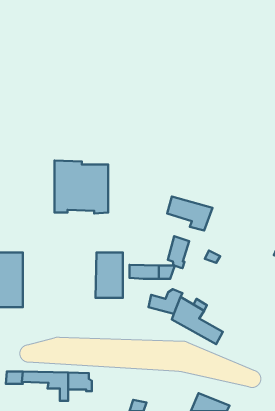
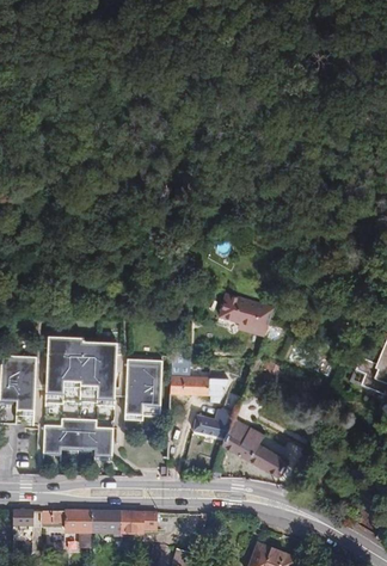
building: [54,161,108,214] -> [47,339,115,406]
building: [168,236,189,268] -> none
building: none -> [45,422,113,459]
building: none -> [118,512,156,533]

